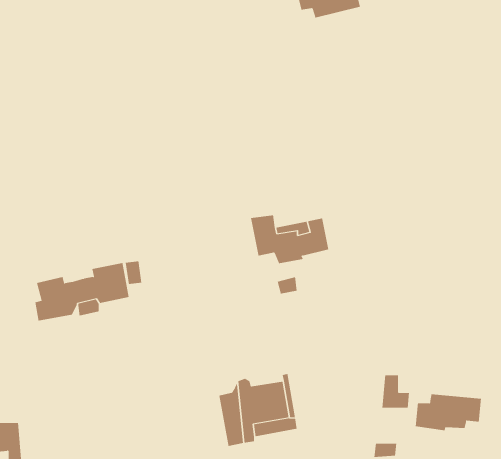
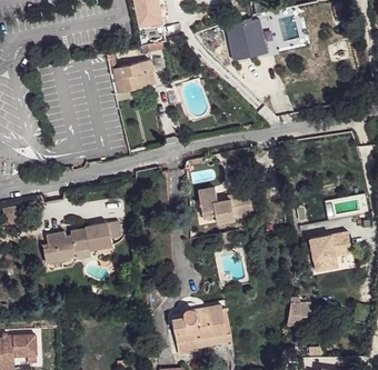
building: none -> [113,60,155,100]
building: none -> [310,230,351,270]
building: [415,393,482,431] -> none

